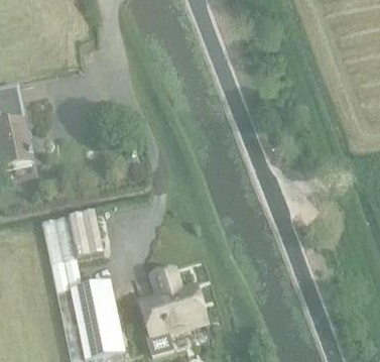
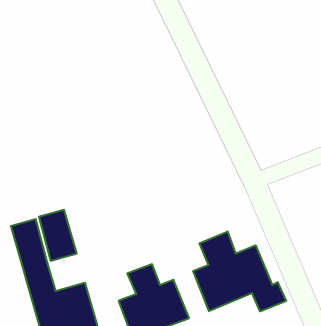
building: none -> [193,231,286,311]

